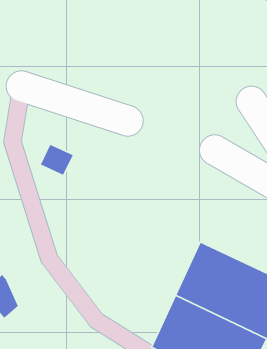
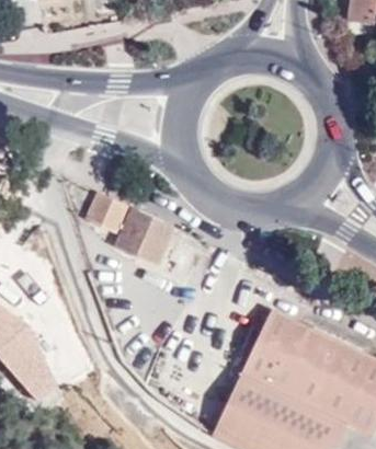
building: none -> [109,207,172,268]

